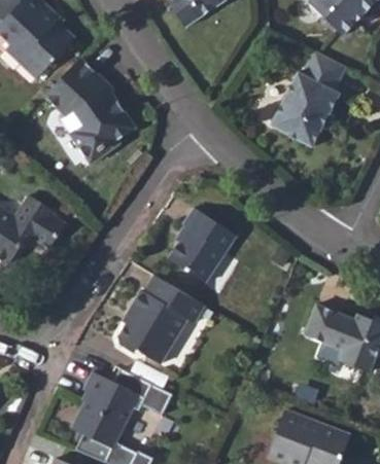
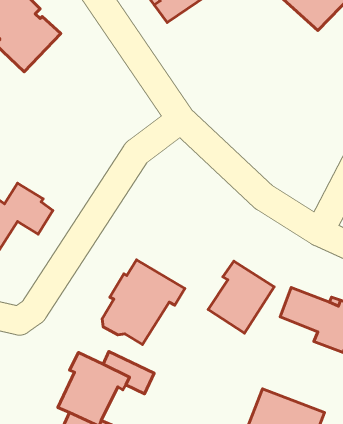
building: [270,50,347,147] -> none
building: [45,58,137,165] -> none
building: [168,208,237,283] -> [208,261,274,333]

